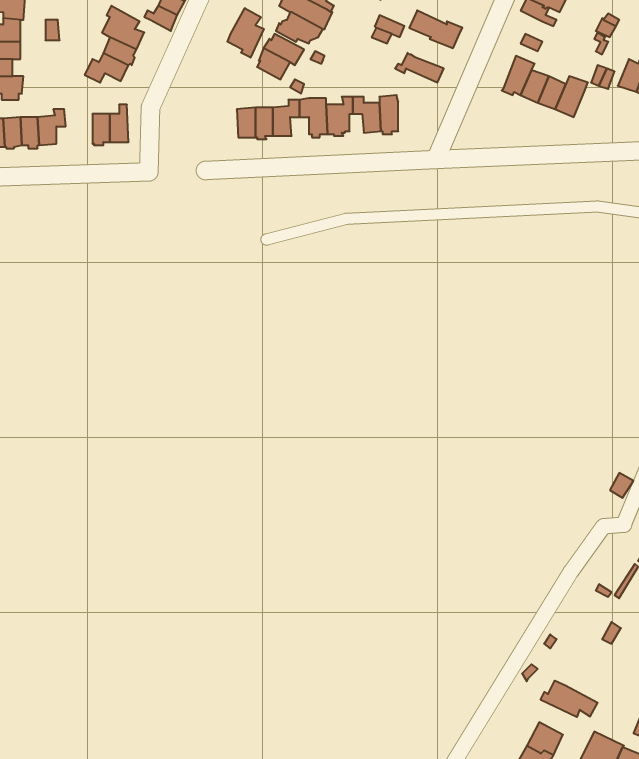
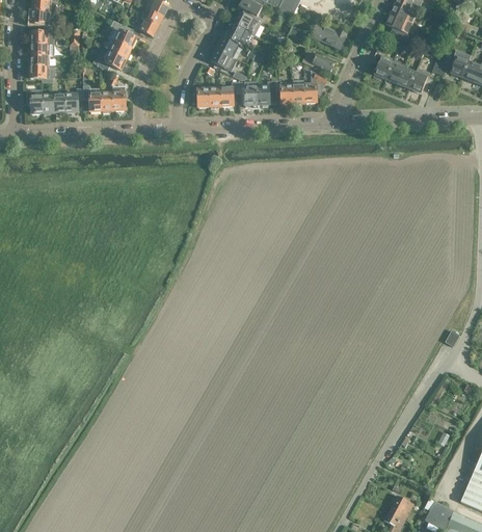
building: [227,8,264,58] -> none
building: none -> [303,70,326,103]
building: none -> [81,77,101,111]
building: [541,681,598,717] -> none

